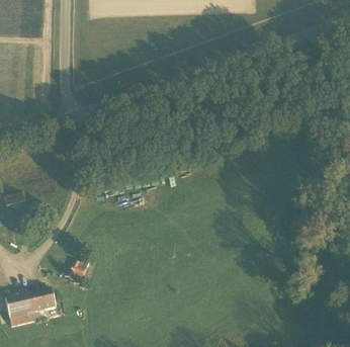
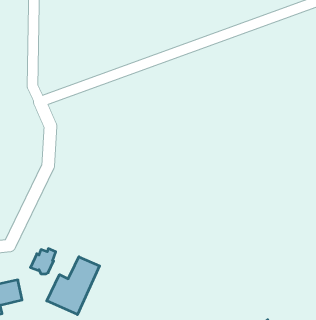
building: none -> [47,257,100,315]

